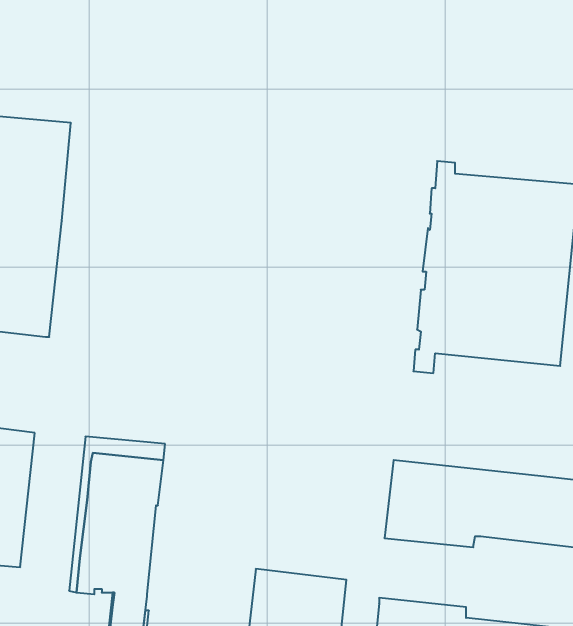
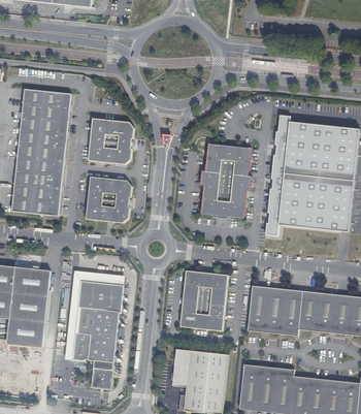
building: none -> [88,118,135,163]
building: none -> [200,144,251,217]
building: none -> [85,176,132,222]
building: none -> [179,269,227,330]

